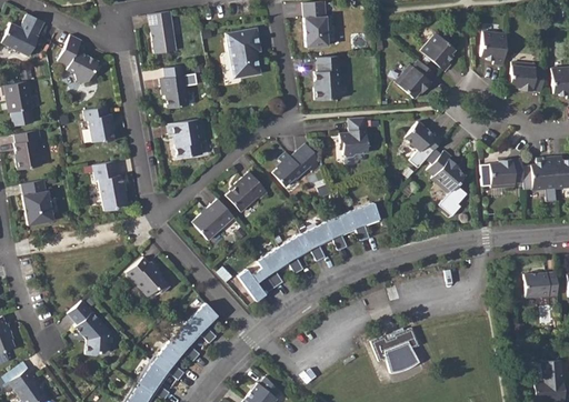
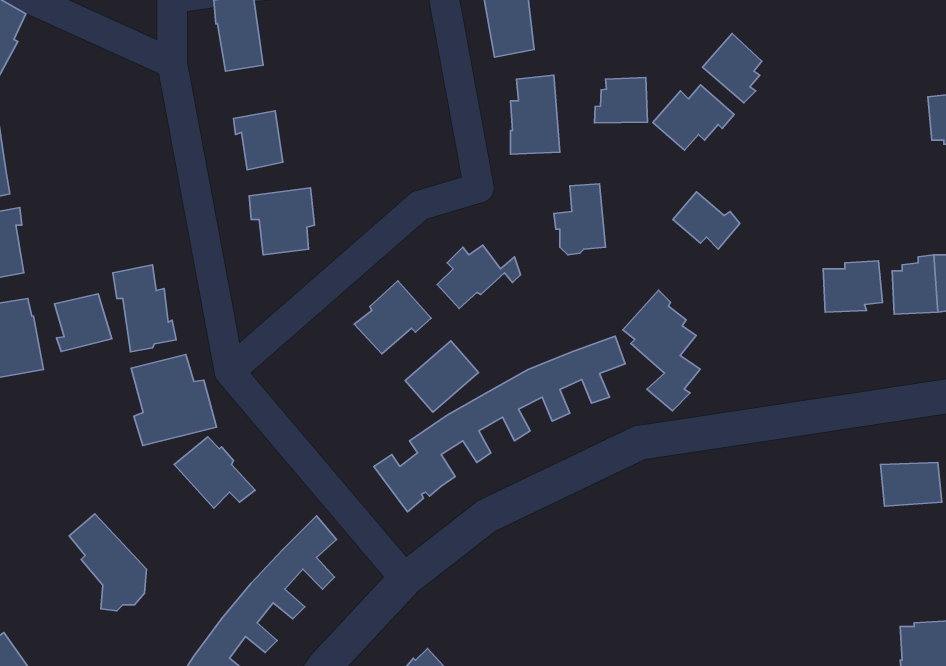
building: [224,28,260,72] -> none
building: [480,31,507,64] -> none
building: [56,34,97,82] -> none
building: none -> [595,77,648,123]
building: [510,58,545,92] -> none
building: [83,105,113,142] -> none
building: [427,149,470,217] -> [623,290,700,411]
building: none -> [54,294,112,351]
building: [193,200,234,240] -> [405,341,478,412]
building: none -> [131,354,217,446]
building: [373,326,419,372] -> none

